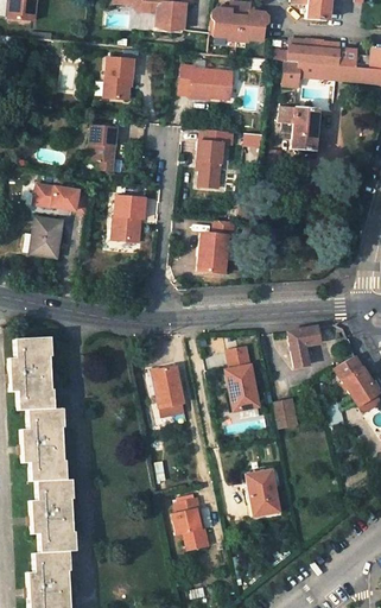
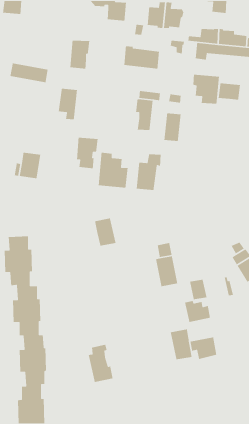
building: none -> [218,82,241,101]
building: none -> [163,113,182,142]
building: [34,184,90,214] -> [10,63,49,83]
building: none -> [98,152,129,188]
building: [287,327,320,367] -> none
building: [152,365,184,406] -> [94,218,116,247]
building: none -> [184,300,211,323]
building: none -> [190,337,217,360]
building: [172,498,209,553] -> [88,344,113,383]

